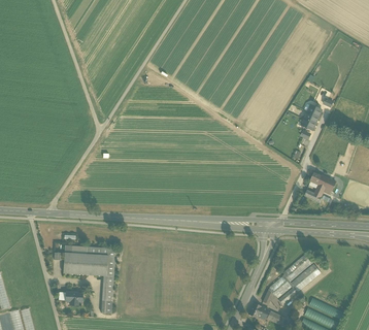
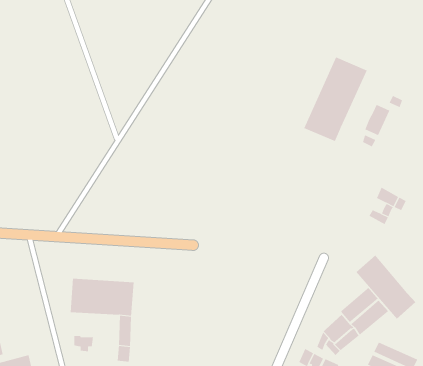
building: none -> [304,57,368,142]
building: none -> [356,255,416,320]

